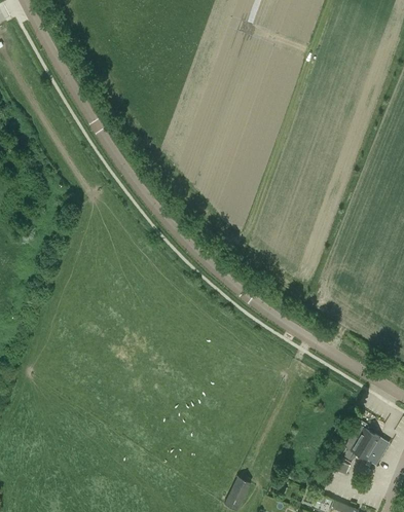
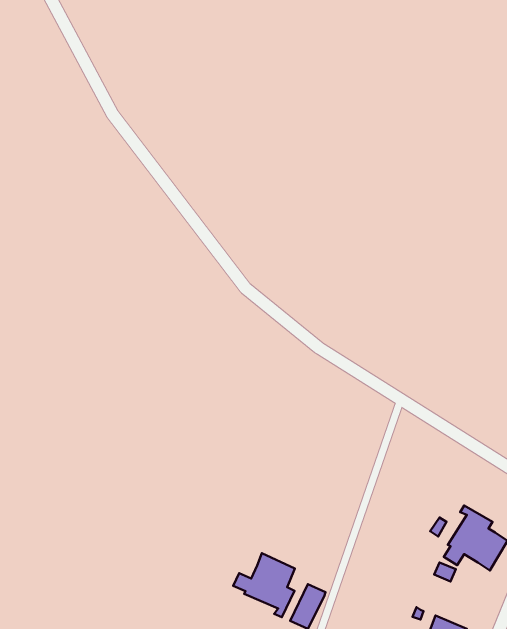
building: none -> [233,553,295,617]

